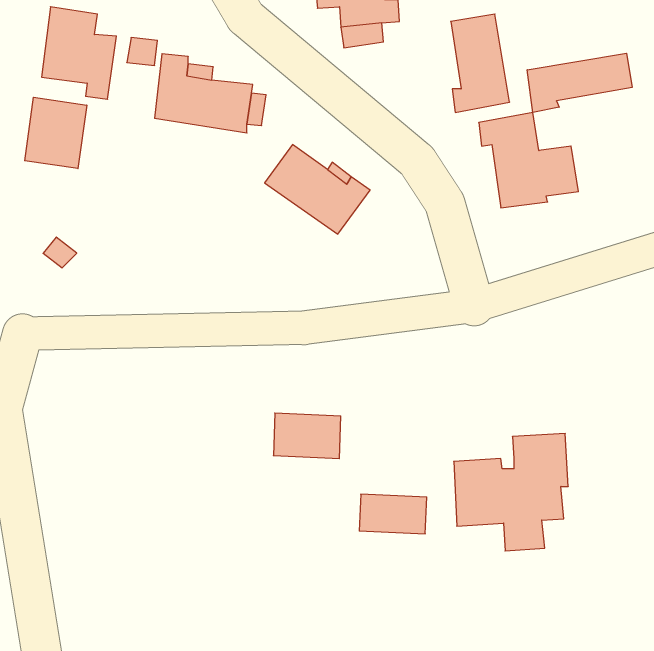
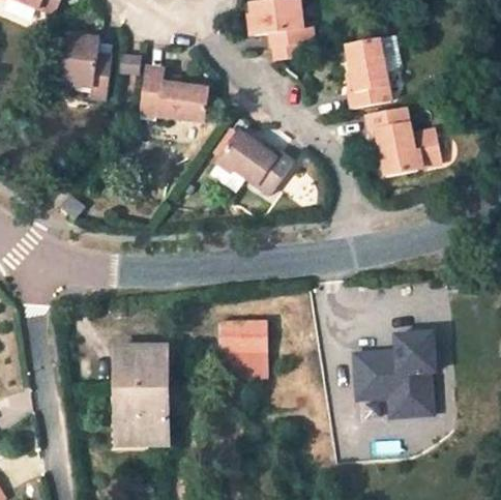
building: [527,53,632,112] -> none
building: [25,97,87,169] -> none
building: none -> [115,346,167,443]
building: [359,494,427,534] -> [222,350,269,378]

